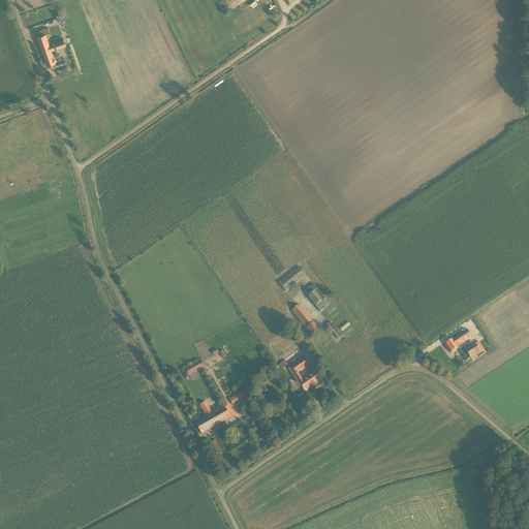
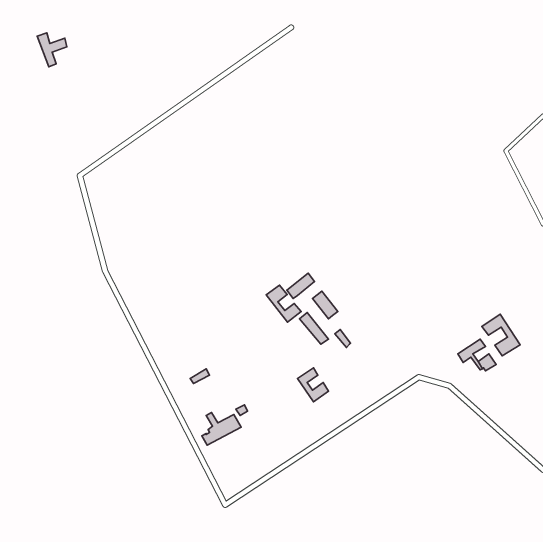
building: none -> [266,285,301,322]
building: none -> [482,314,520,356]

